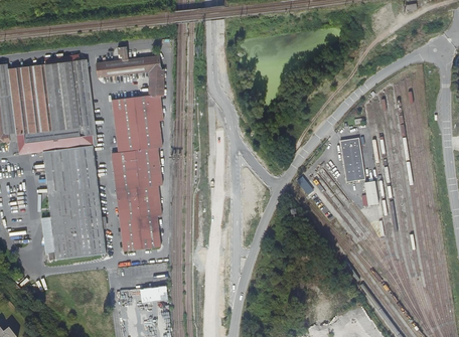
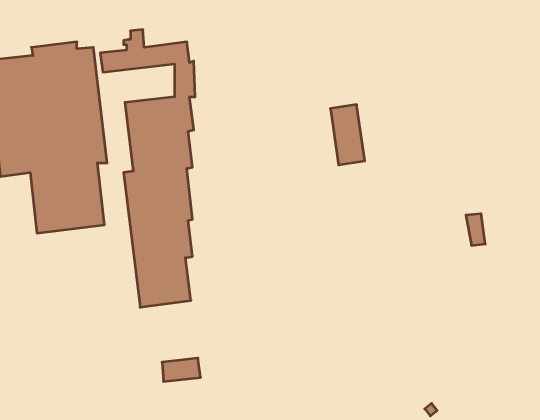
building: [338,137,363,181] -> [330,105,365,165]
building: [42,188,106,260] -> none

